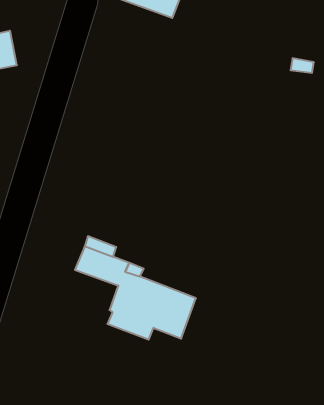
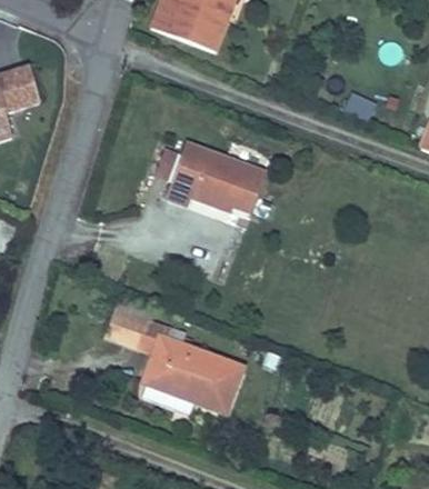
building: none -> [164,141,265,212]

